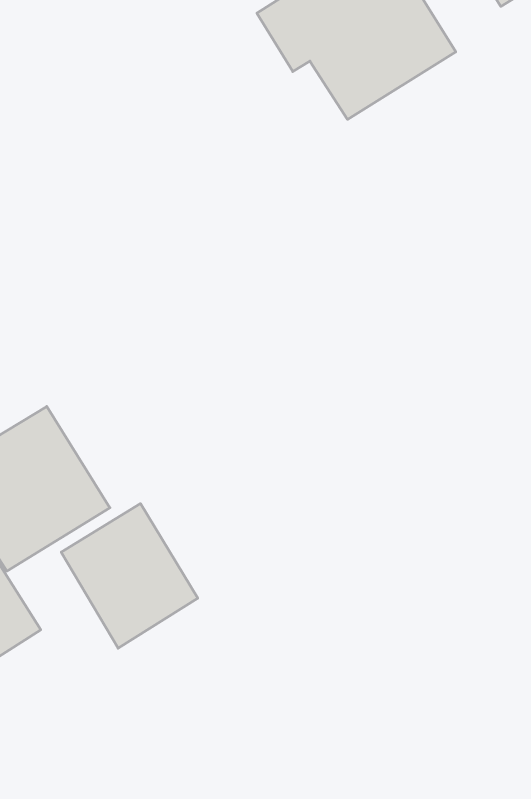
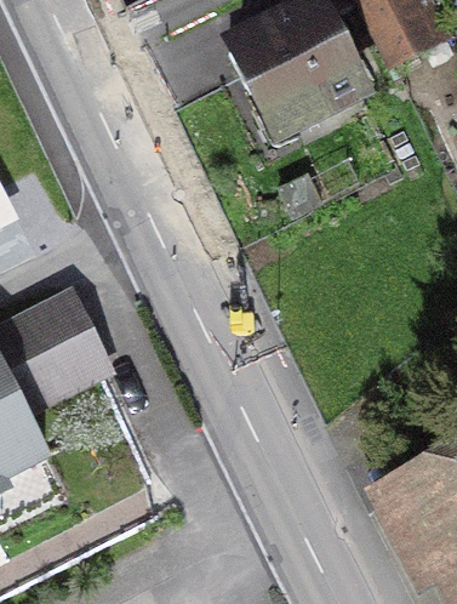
building: [61,504,198,648] -> none

